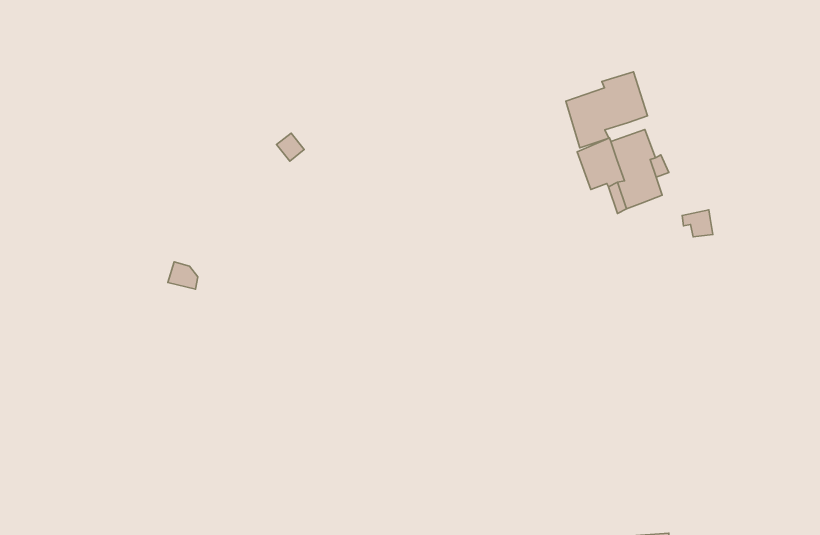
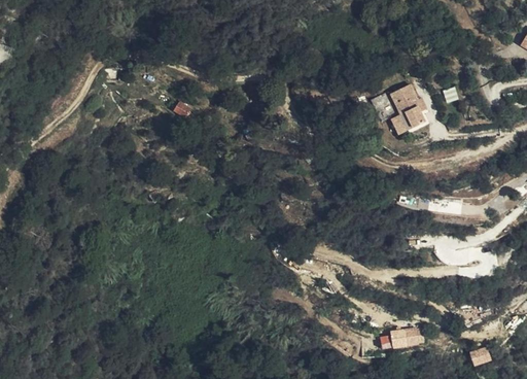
building: [566,72,648,148] -> none

